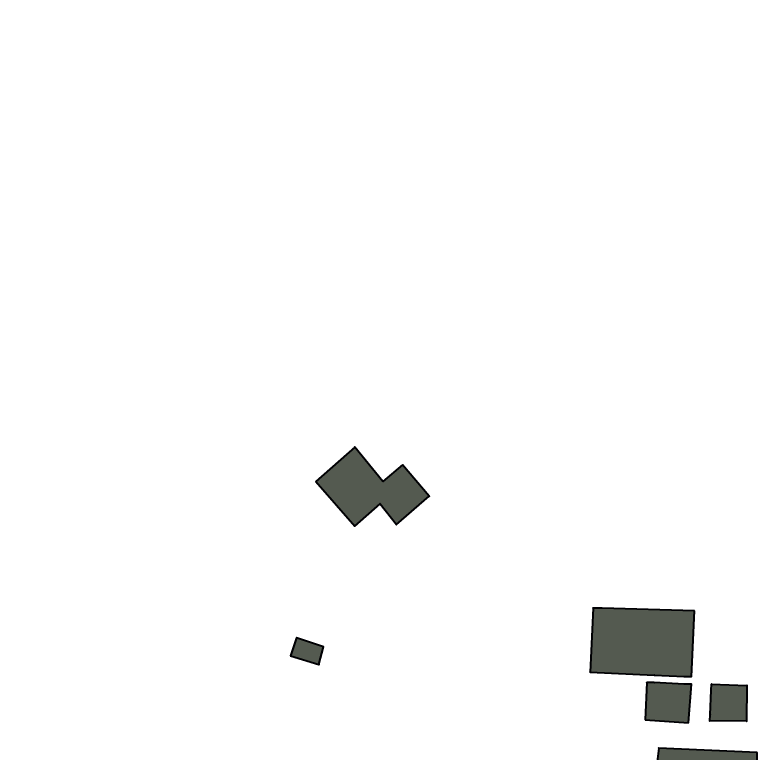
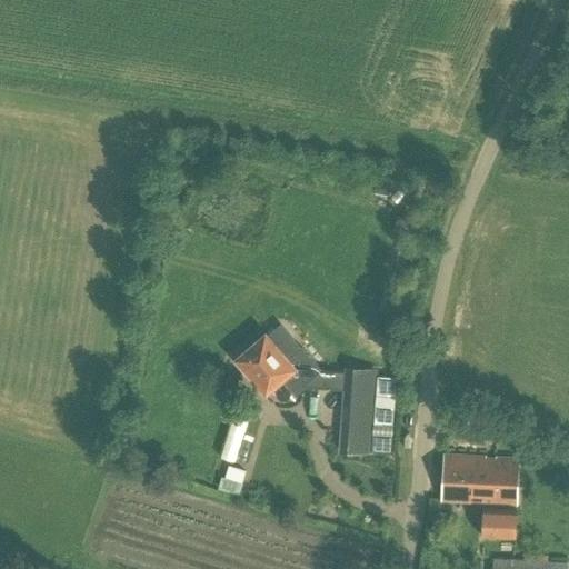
building: none -> [338,372,395,455]
building: [710,684,747,721] -> none

